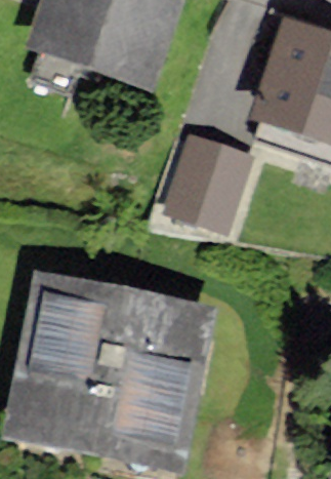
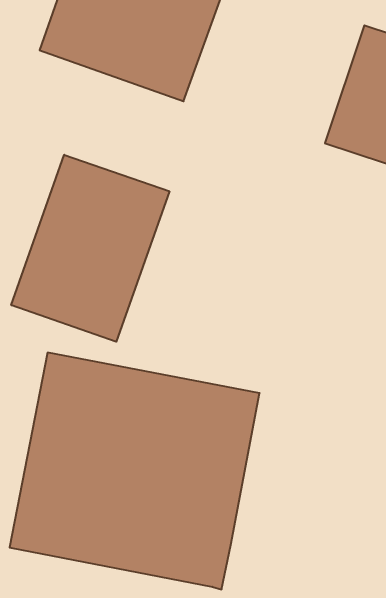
building: none -> [11,155,169,342]
building: [166,141,247,230] -> none

